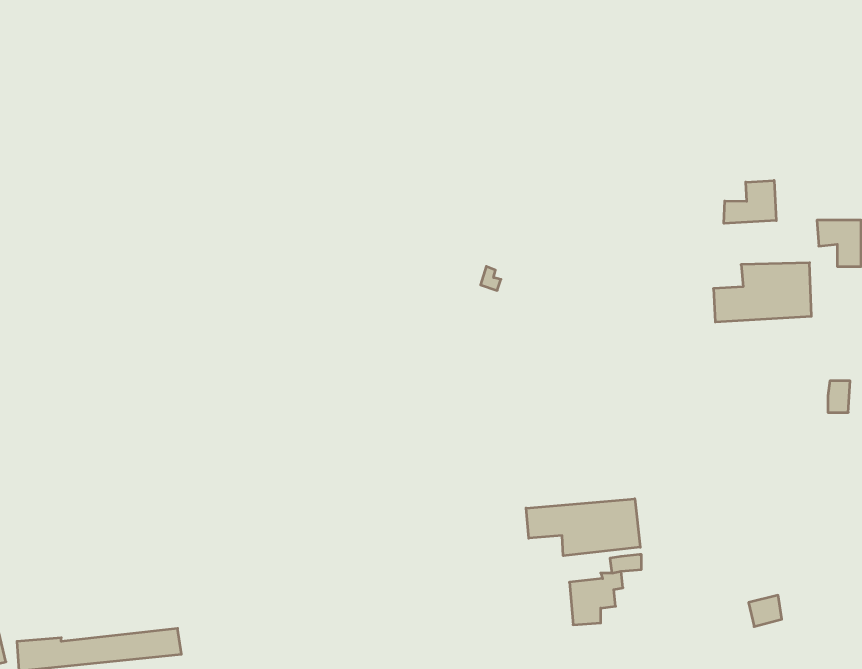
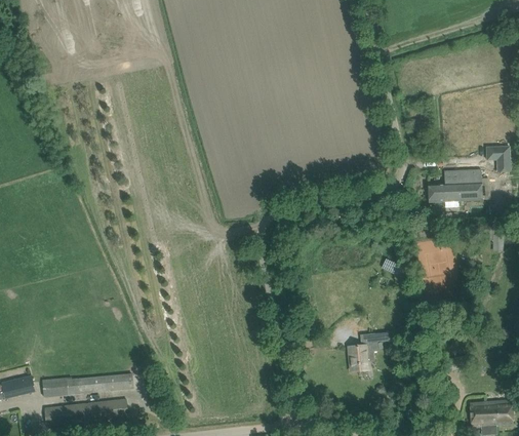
building: [724,180,776,223] -> none
building: [526,499,640,556] -> none

